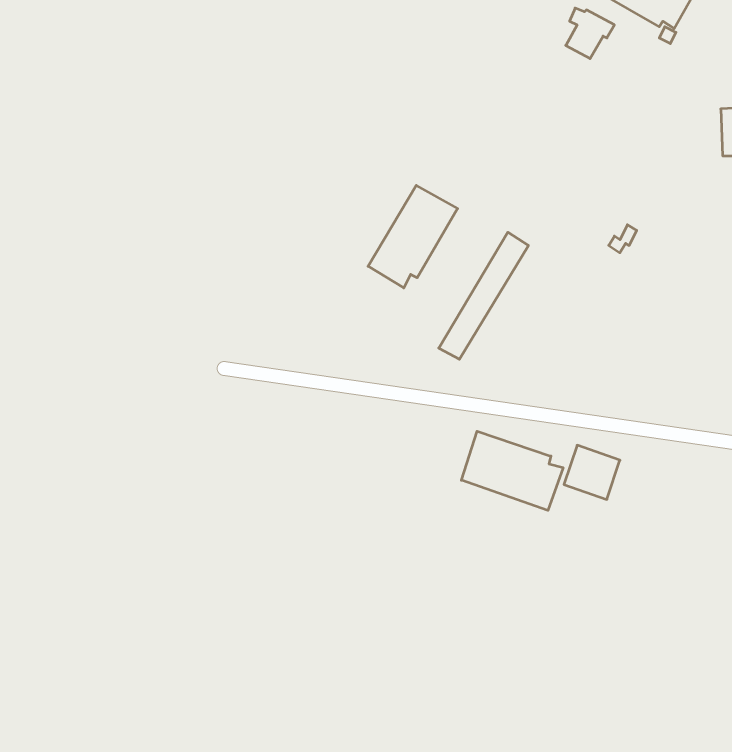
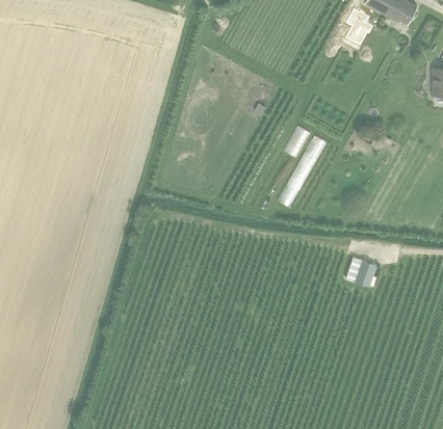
building: [368,185,458,288] -> none
building: [461,431,563,510] -> none

